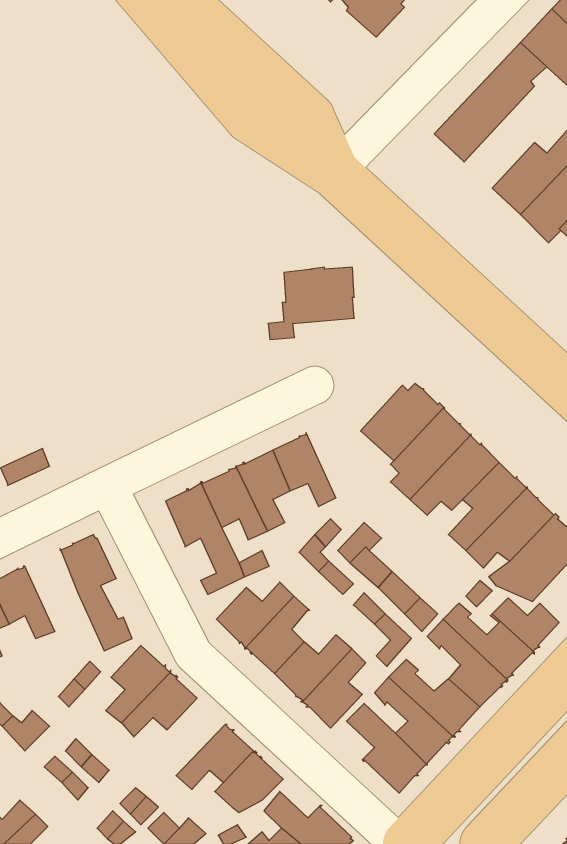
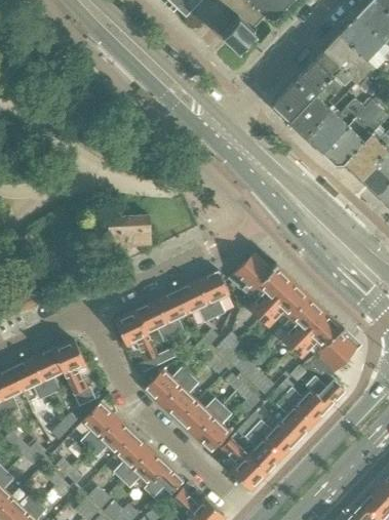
building: none -> [289,77,342,136]
building: [268,267,354,339] -> [100,214,150,256]
building: none -> [197,270,230,317]
building: none -> [33,347,64,395]
building: none -> [113,434,150,479]

